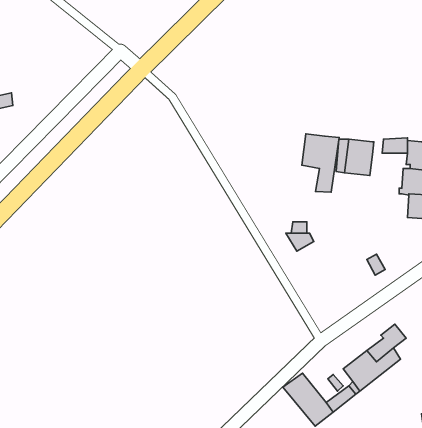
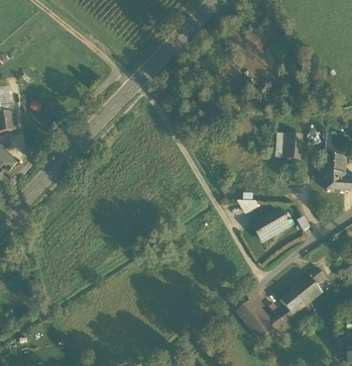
building: [302,134,339,192] -> none
building: none -> [252,209,287,242]

